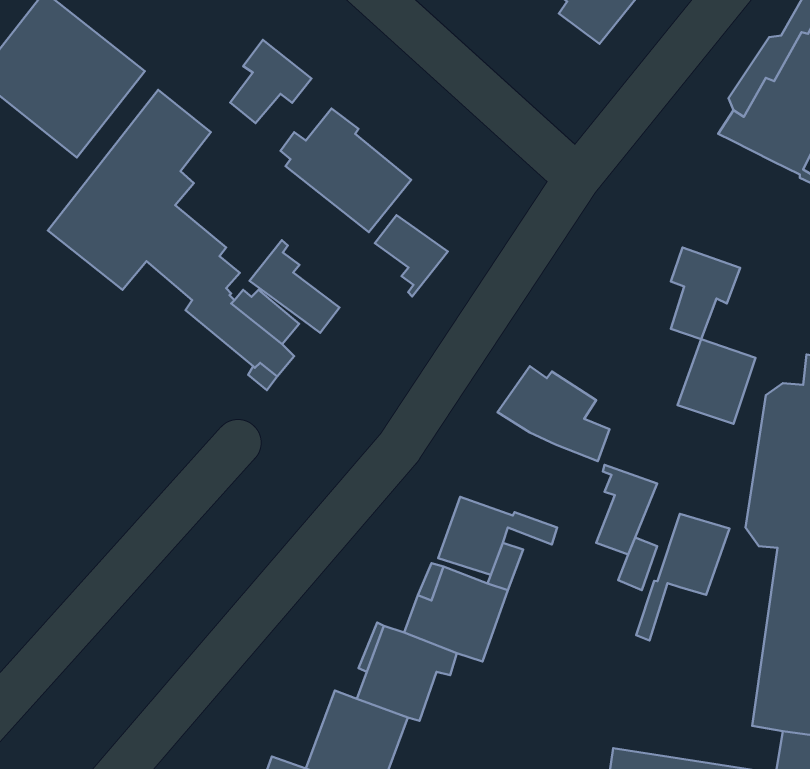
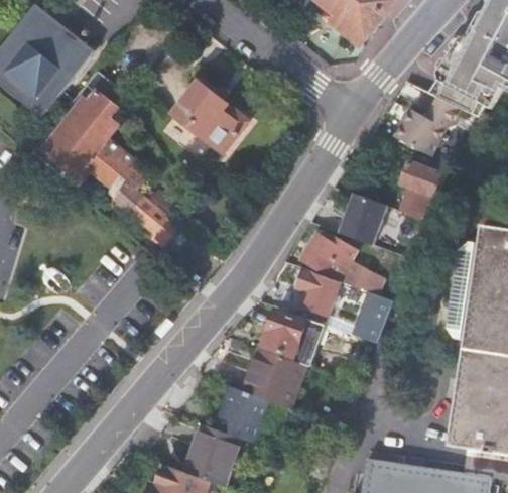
building: [230,40,312,123] -> none
building: none -> [396,99,463,155]
building: [375,215,448,296] -> none
building: [250,240,340,333] -> none
building: [678,339,756,424] -> [340,195,386,245]
building: none -> [297,271,338,315]
building: [636,514,730,640] -> none

